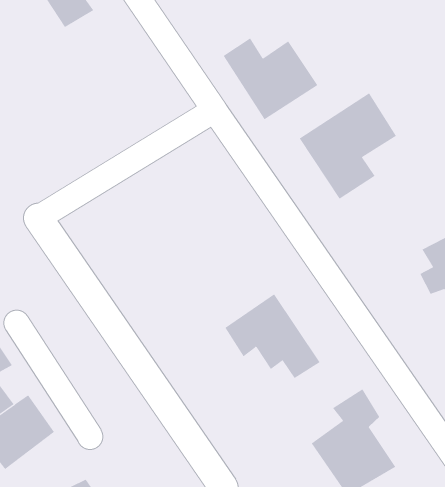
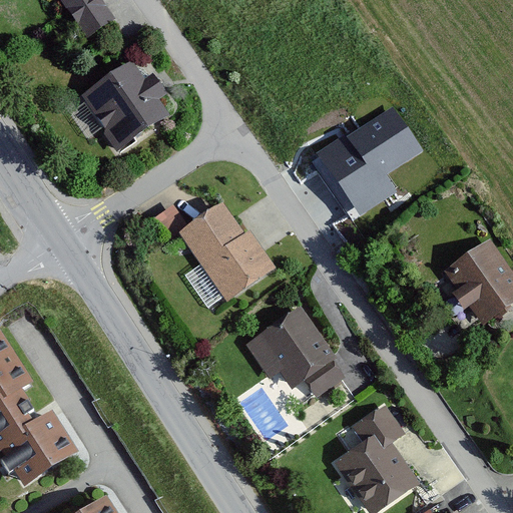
building: [223,38,318,120] -> none
building: none -> [82,62,163,145]
building: none -> [177,202,276,299]

